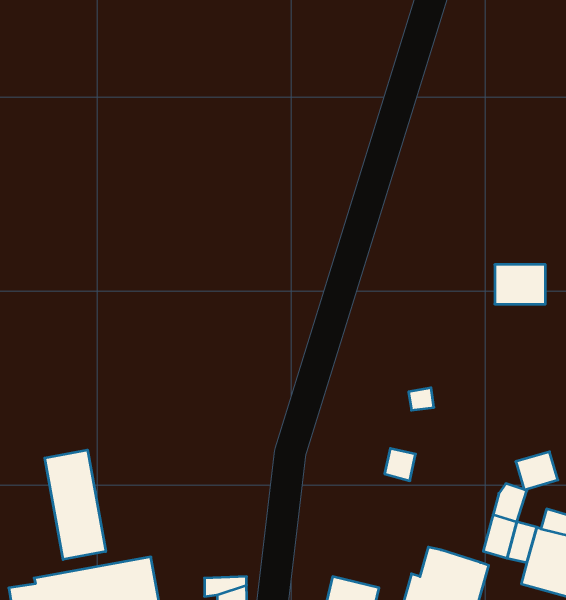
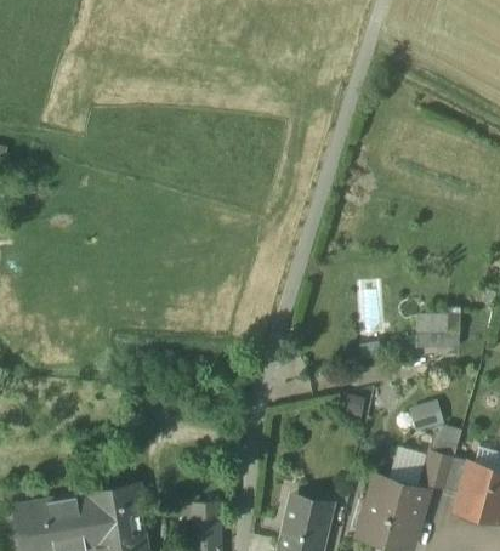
building: [495,265,545,304] -> [415,313,459,347]
building: [45,450,106,560] -> none
building: [516,452,558,490] -> [407,399,443,432]
building: none -> [386,445,430,492]

